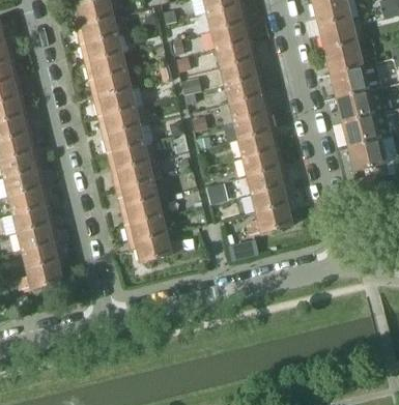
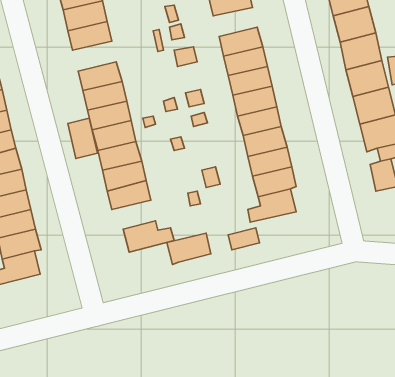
building: [216,41,255,67] -> none
building: [89,71,129,98] -> none
building: none -> [68,118,98,159]
building: [124,214,164,242] -> [167,233,211,264]

